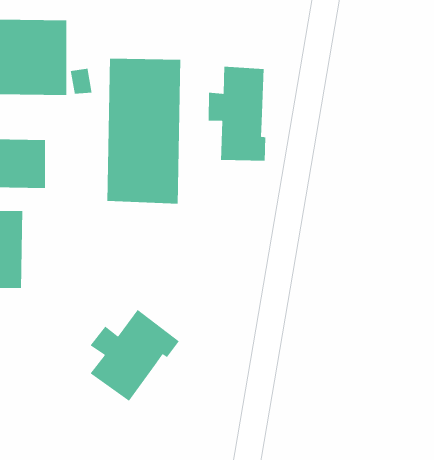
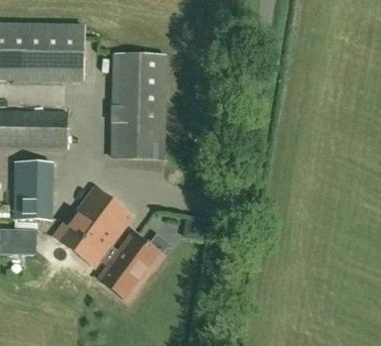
building: [208,66,266,162] -> none
building: none -> [59,188,132,266]

